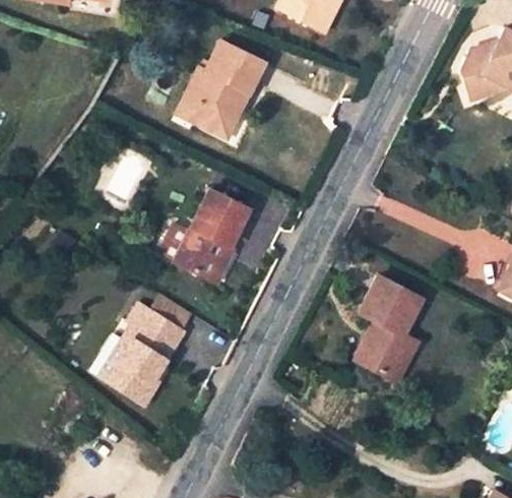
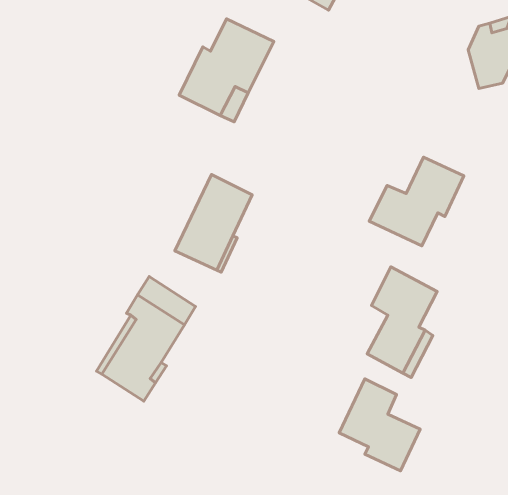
building: none -> [369,157,464,246]
building: none -> [339,379,420,471]

